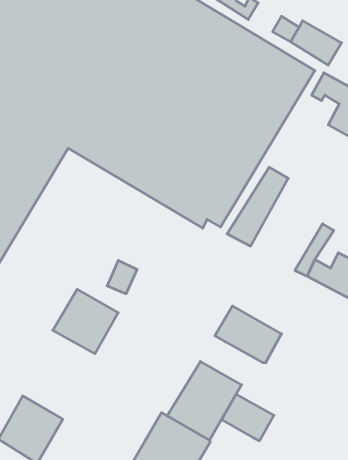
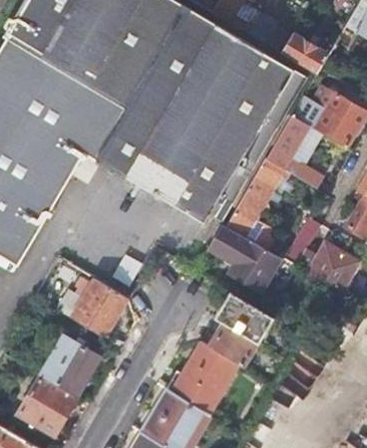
building: none -> [268,116,324,186]
building: none -> [209,225,282,290]
building: none -> [41,334,98,395]
building: [222,394,274,441] -> [211,324,258,367]

